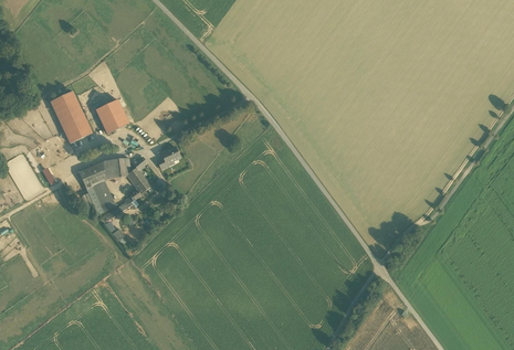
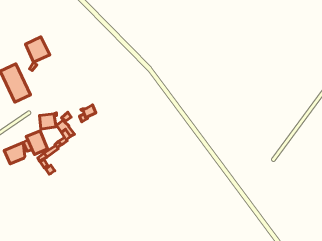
building: [96,98,129,132] -> [25,37,50,62]
building: [78,160,106,189] -> [4,142,25,164]

